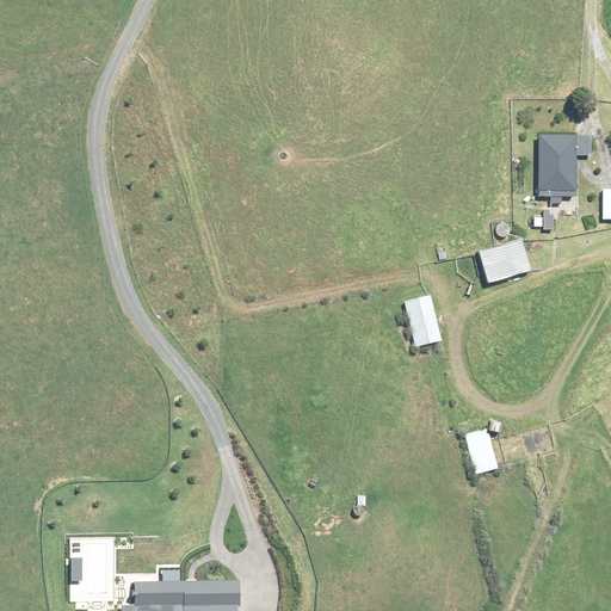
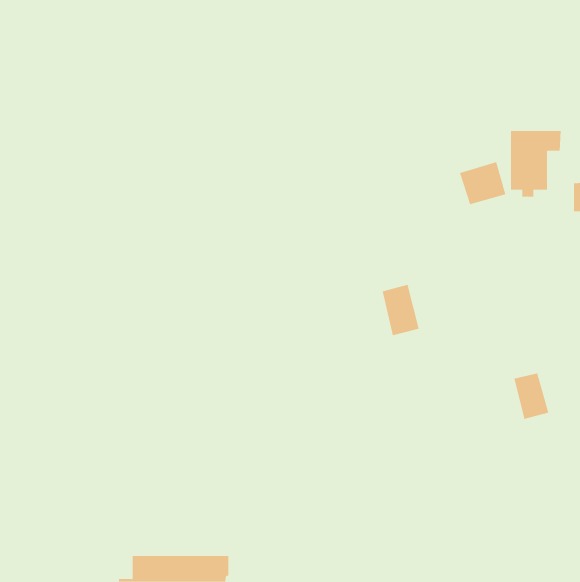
building: [477,240,526,285] -> [459,161,506,205]
building: [463,430,500,479] -> [514,373,549,420]

